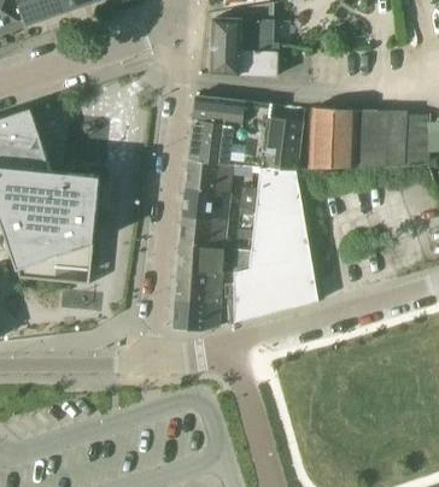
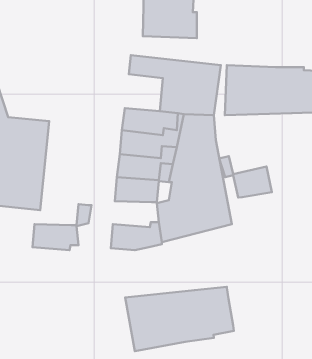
building: [189,118,235,163] -> none
building: none -> [219,156,272,198]
building: [175,247,246,303] -> [33,204,91,250]
building: none -> [125,287,234,351]

